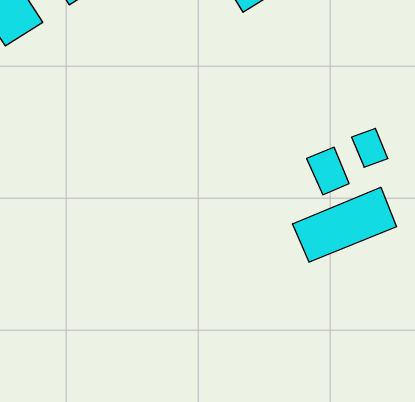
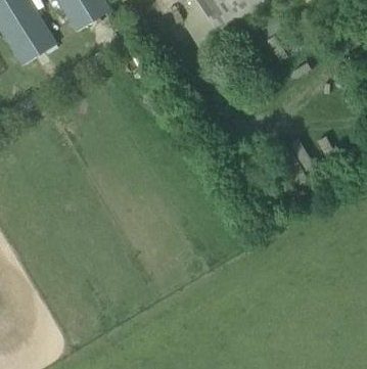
building: [293,187,396,262] -> none

